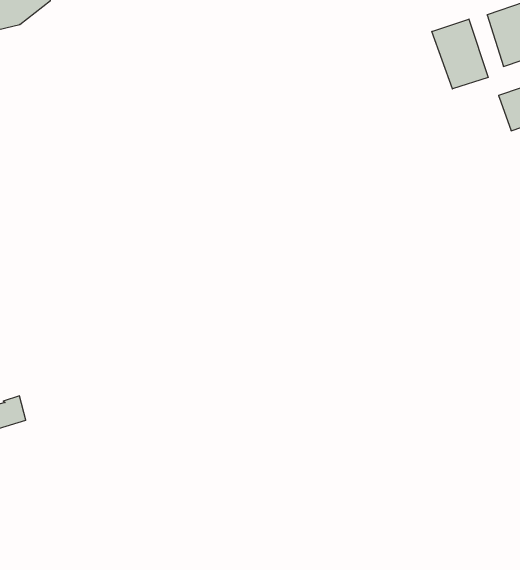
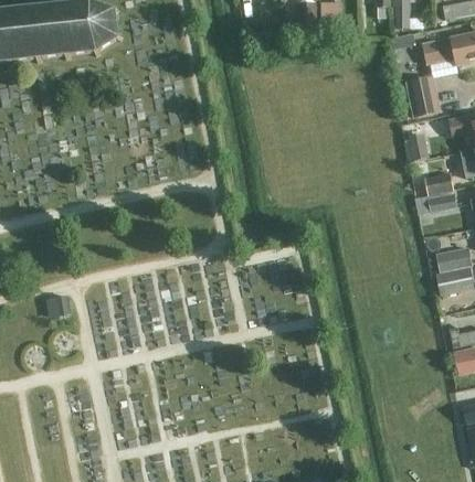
building: [432,19,488,89] -> none

